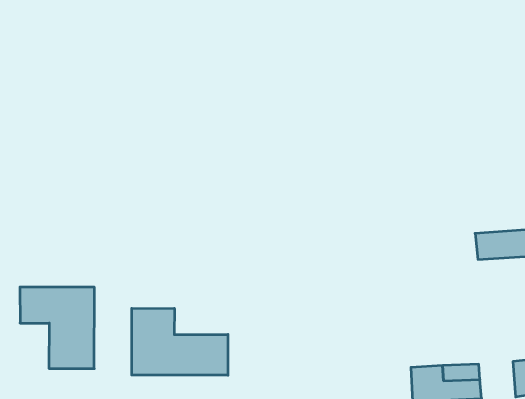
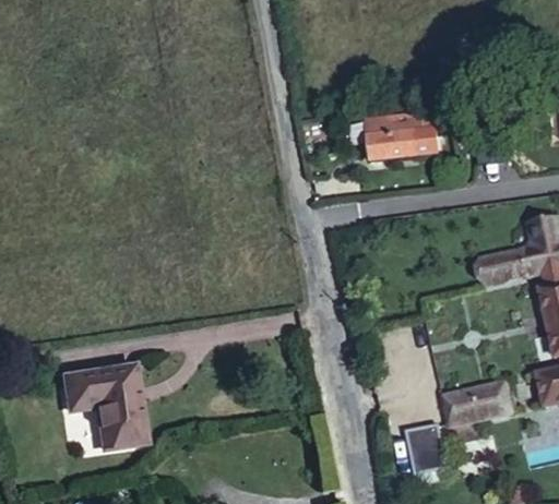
building: none -> [366,109,442,159]
building: [132,308,228,375] -> none

